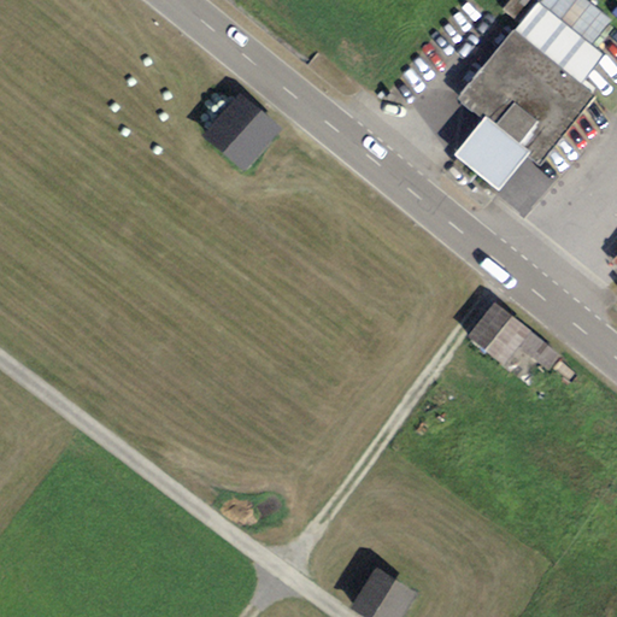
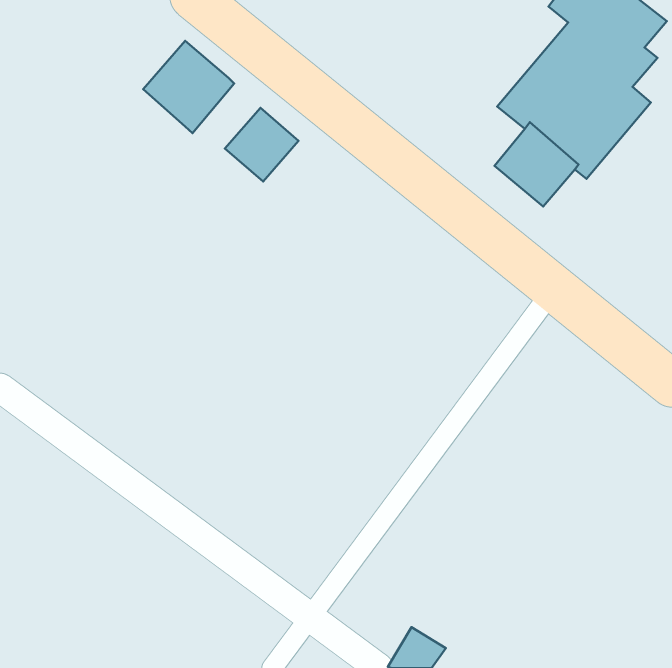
building: none -> [143,41,234,133]
building: [466,300,560,369] -> none

